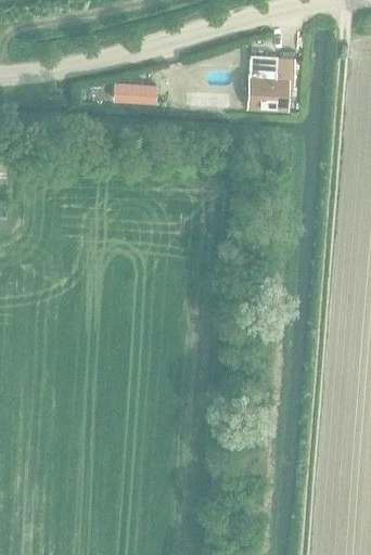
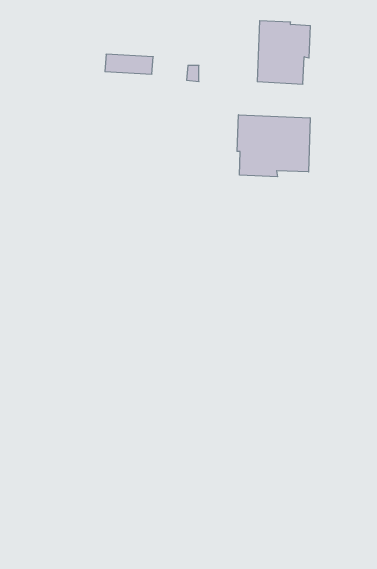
building: none -> [237,115,310,177]

